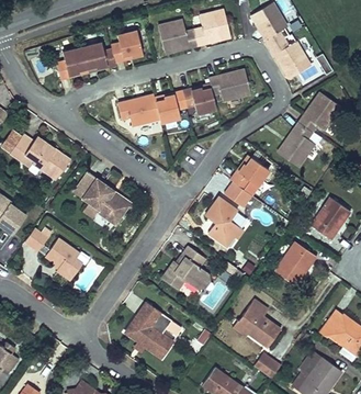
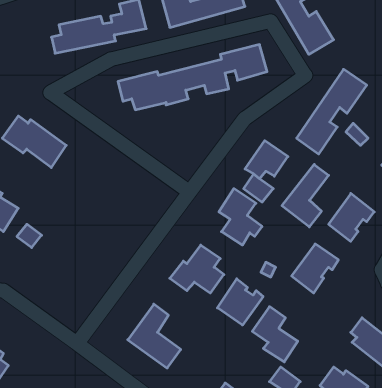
building: none -> [282,164,329,227]
building: [78,177,129,222] -> none
building: [49,236,87,279] -> none
building: none -> [217,279,263,325]

